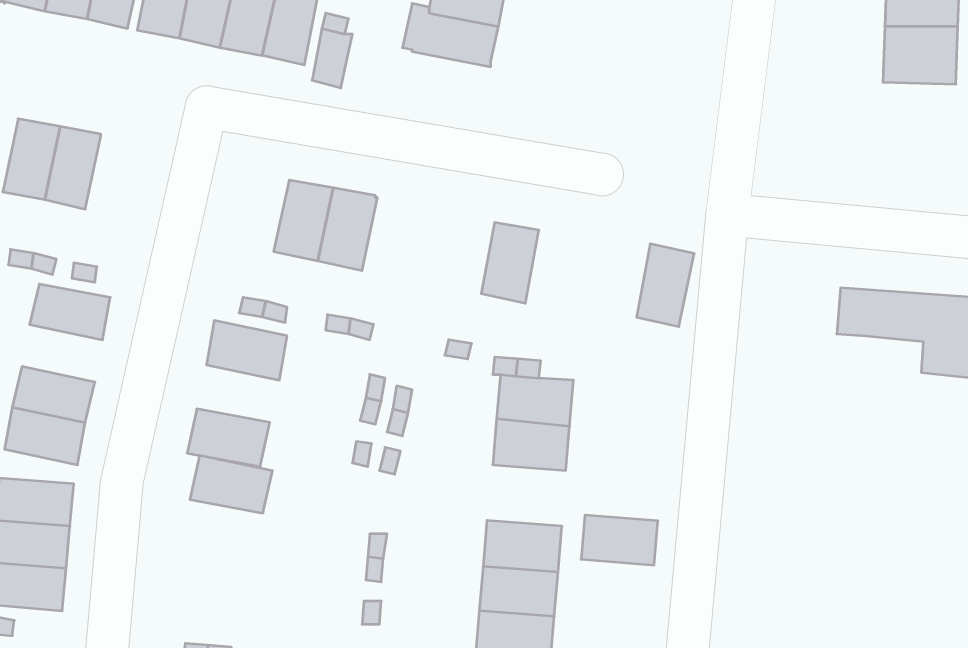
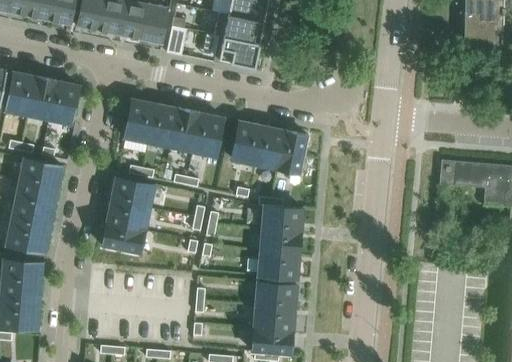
building: none -> [214,37,259,67]
building: none -> [48,81,78,123]
building: none -> [124,99,154,141]
building: none -> [192,113,223,155]
building: none -> [231,121,261,163]
building: [637,244,694,327] -> [277,130,307,173]
building: none -> [15,179,57,209]
building: [190,455,272,513] -> [106,200,149,230]
building: [581,515,658,565] -> [258,252,298,278]

